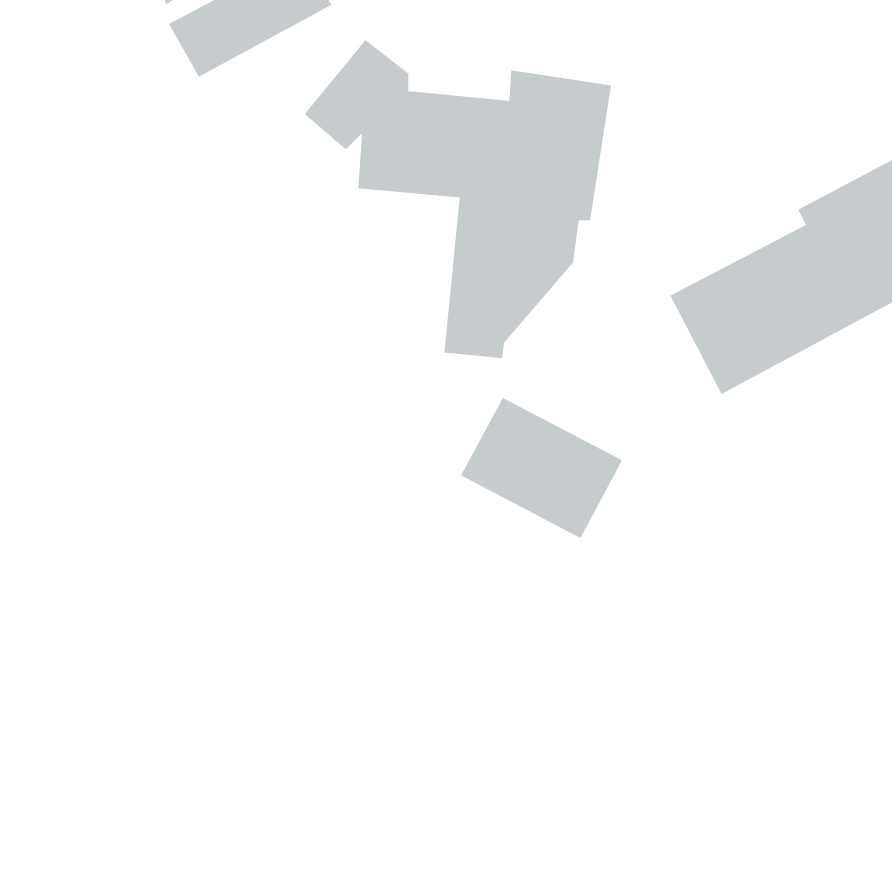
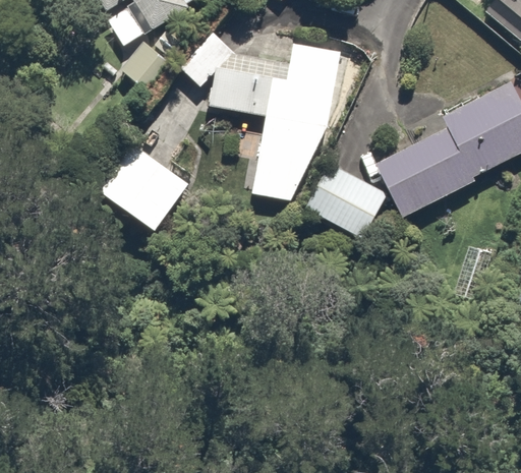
building: none -> [97,142,187,231]
building: [460,397,623,539] -> [301,162,388,237]

